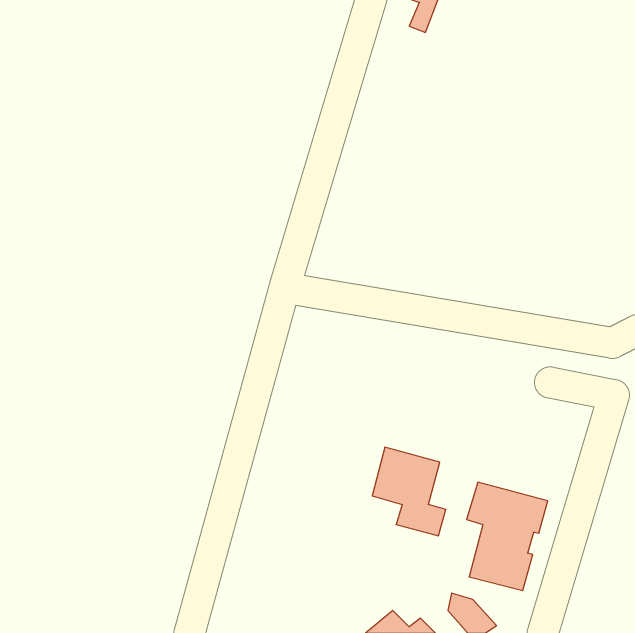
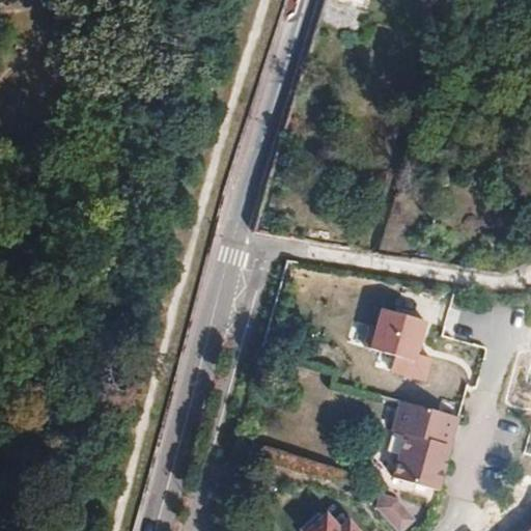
building: [372,447,446,536] -> [373,305,435,379]

